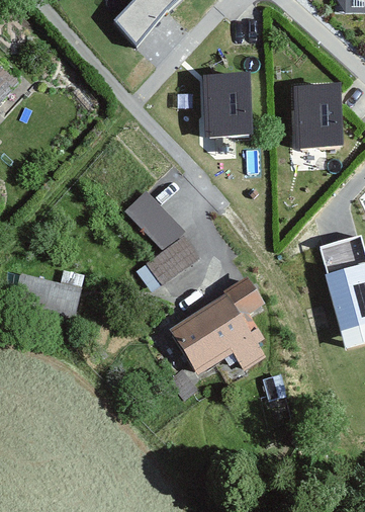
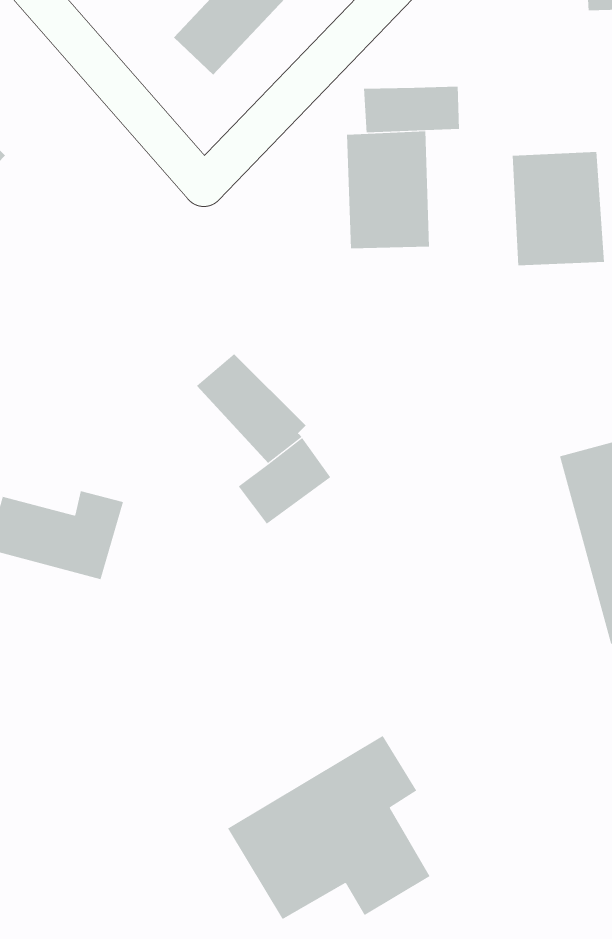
building: none -> [363,86,459,133]
building: [157,275,265,373] -> [227,735,431,920]

